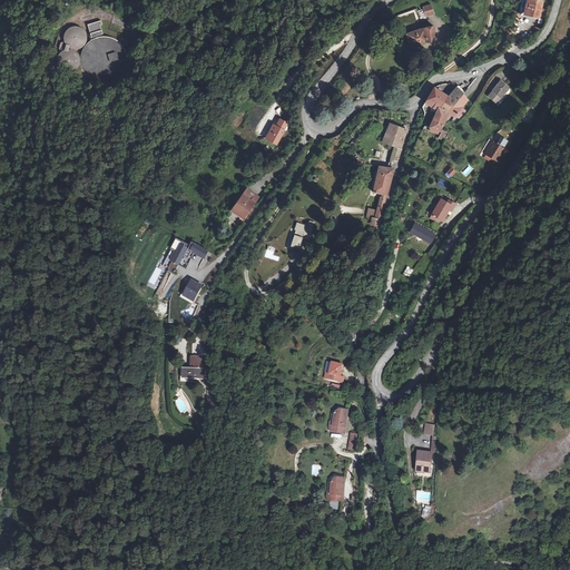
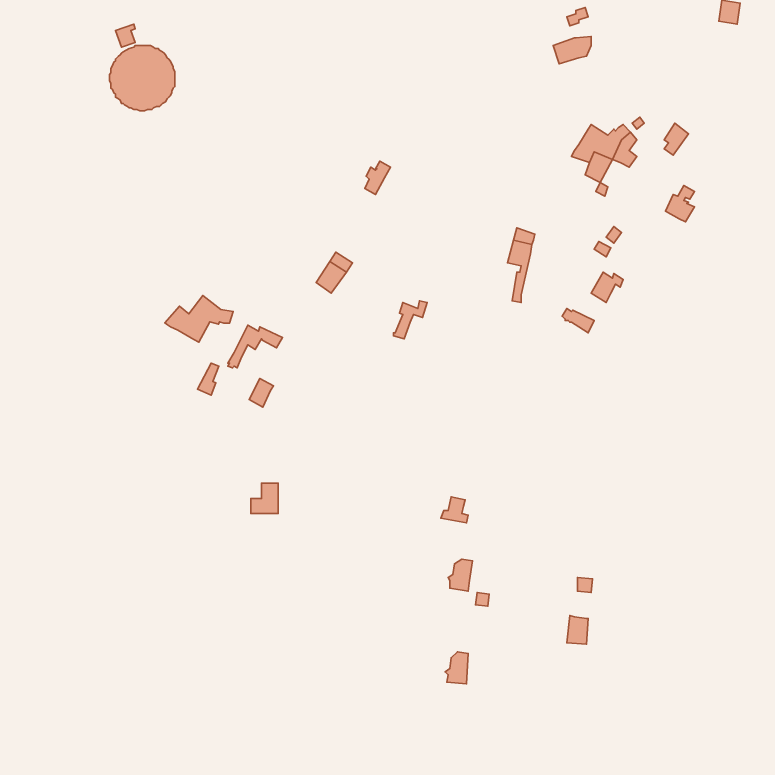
building: [57,26,86,72] -> none
building: [377,126,407,163] -> none
building: none -> [165,295,233,342]

